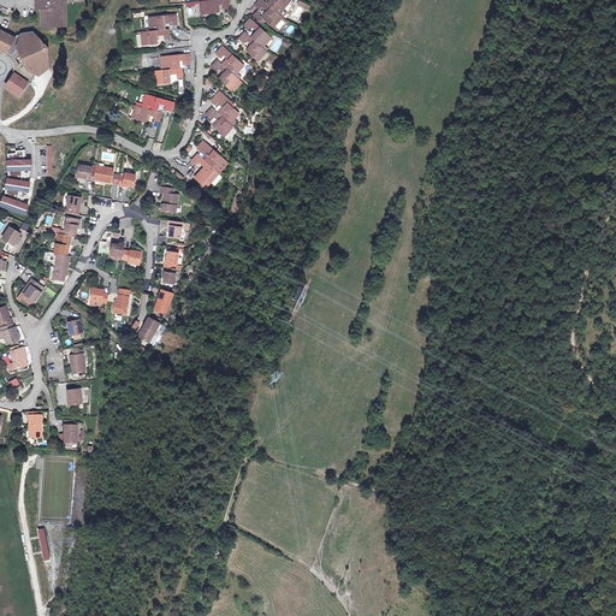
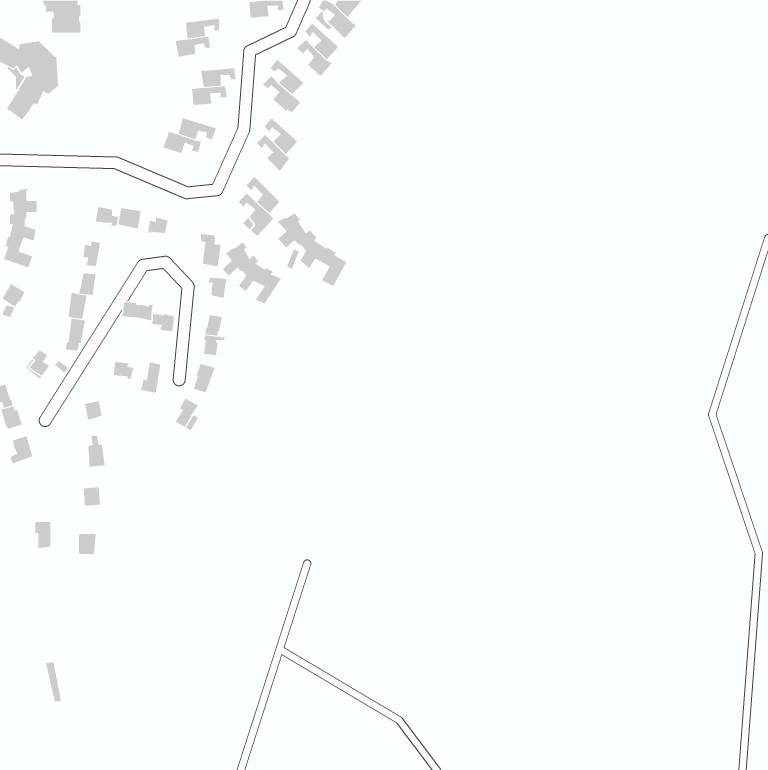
building: none -> [276,213,347,287]
building: none -> [222,241,282,304]

